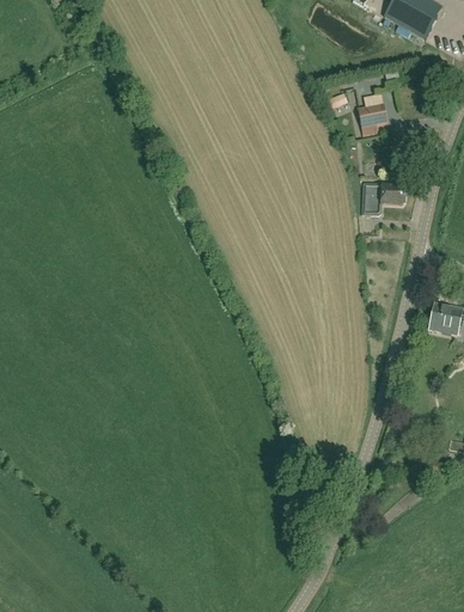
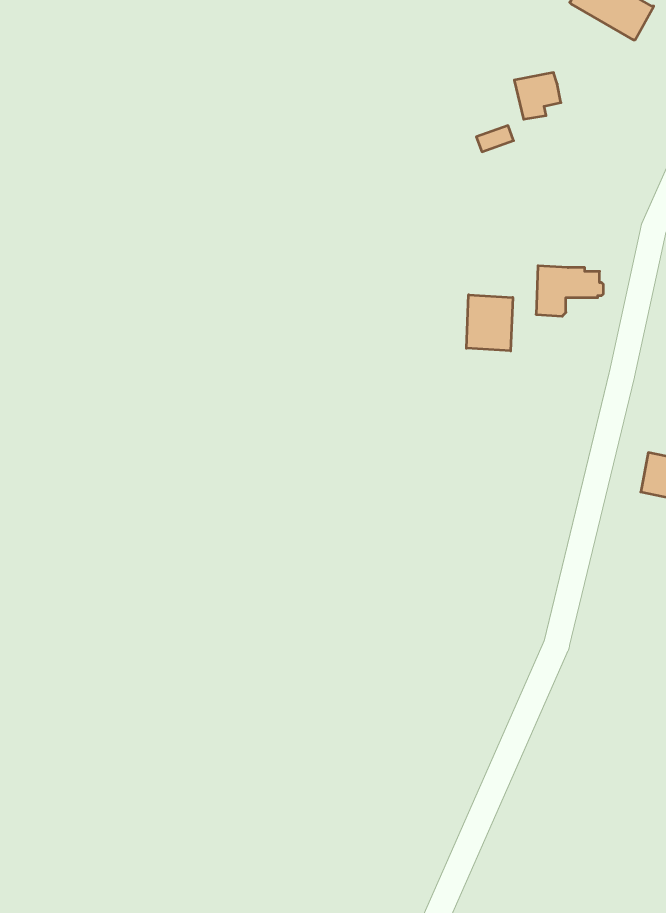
building: [359,103,389,133] -> [514,73,561,119]
building: none -> [466,295,513,351]

